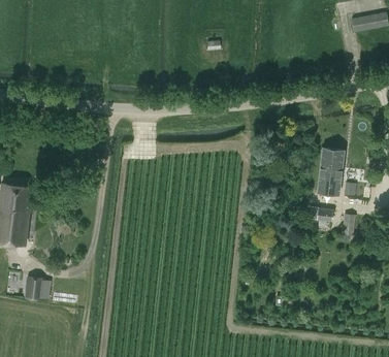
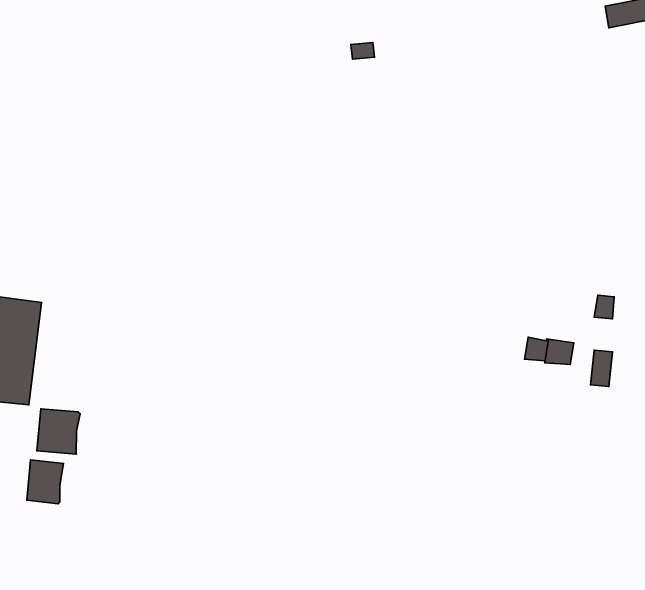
building: [317,148,344,195] -> none
building: none -> [37,409,80,454]

